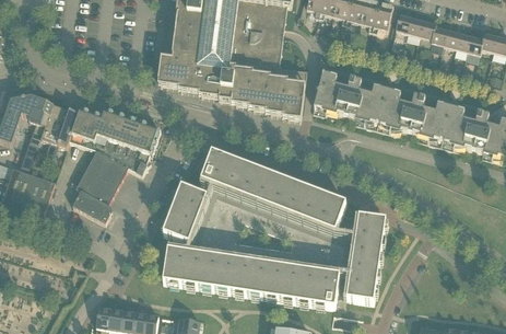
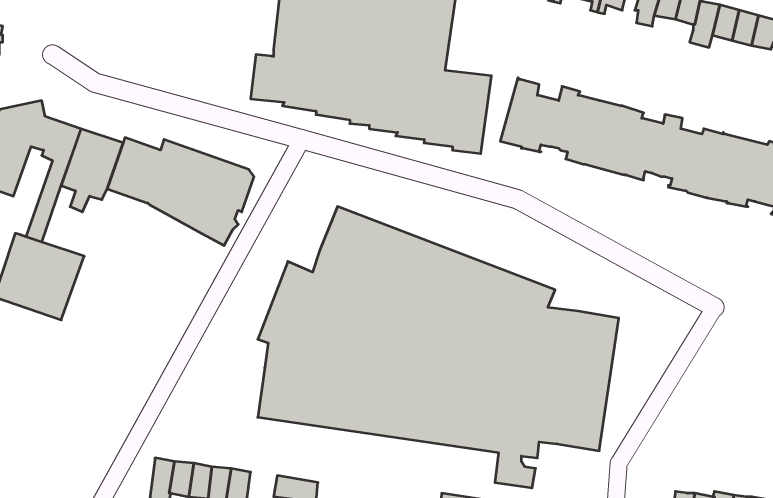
building: [72,149,127,222] -> none

